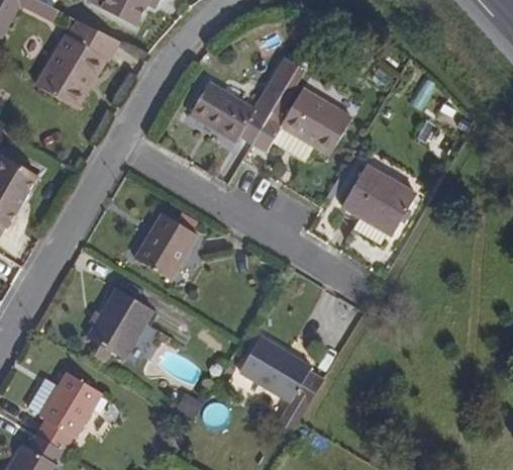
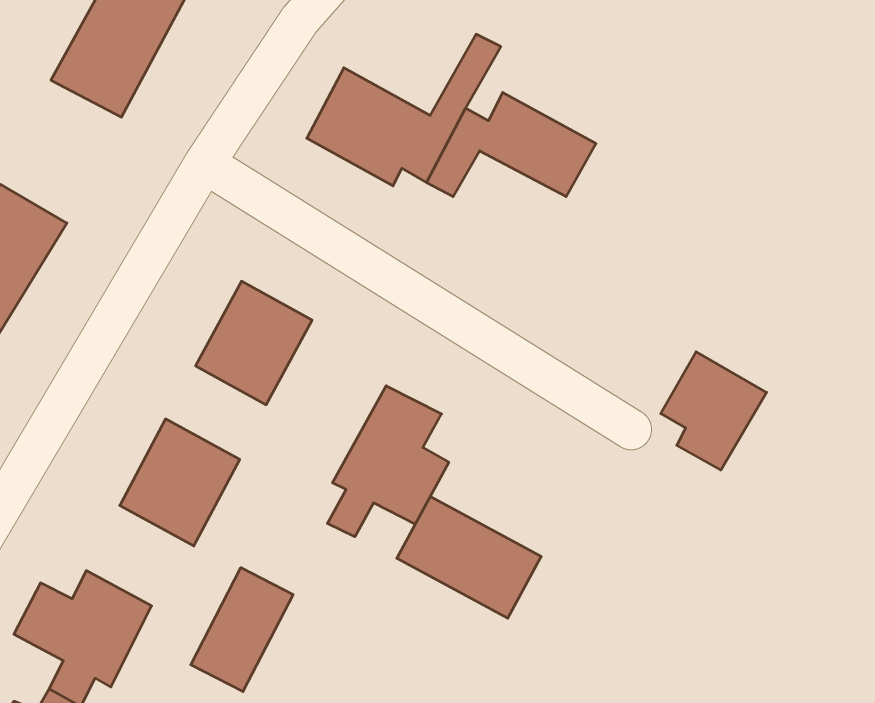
building: [349,176,410,244] -> [661,352,767,470]
building: none -> [327,386,449,537]
building: none -> [191,568,293,692]

